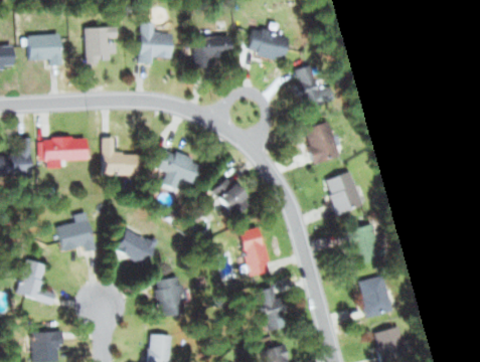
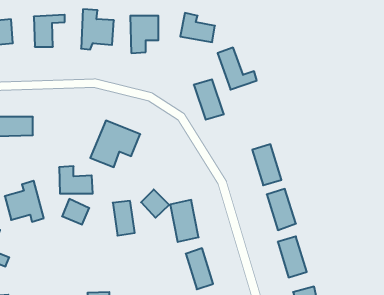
building: [305,121,338,165] -> [194,79,224,120]
building: [101,138,138,168] -> [59,166,93,194]
building: [220,182,252,213] -> [141,189,169,218]
building: [157,277,181,315] -> [113,201,135,236]

